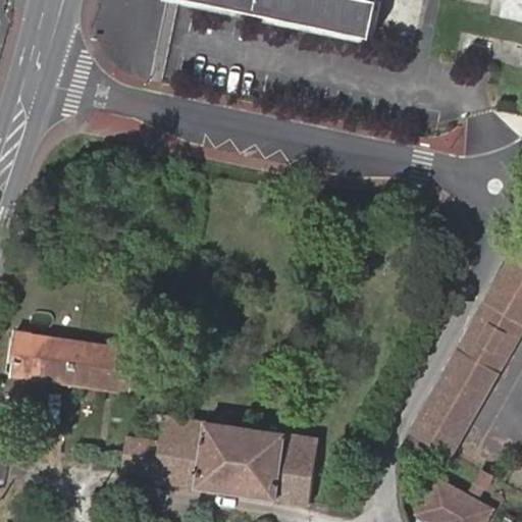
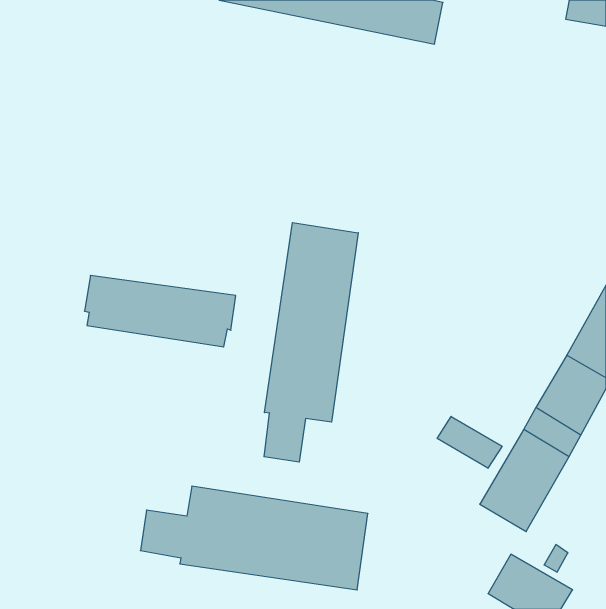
building: none -> [264,223,358,462]
building: [9,332,139,394] -> [84,275,236,347]
building: none -> [437,416,502,468]

